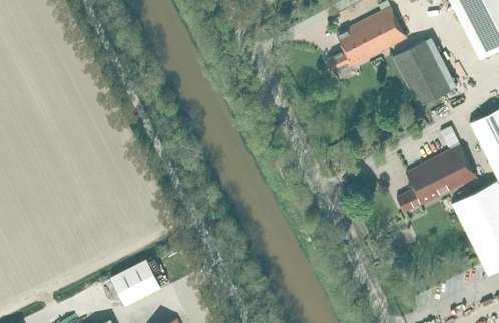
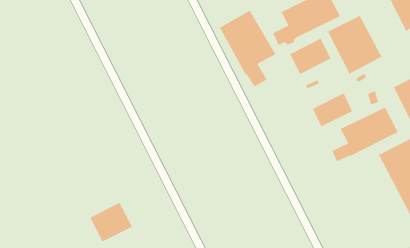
building: none -> [219,10,276,88]
building: none -> [290,38,331,75]
building: none -> [312,93,353,127]

